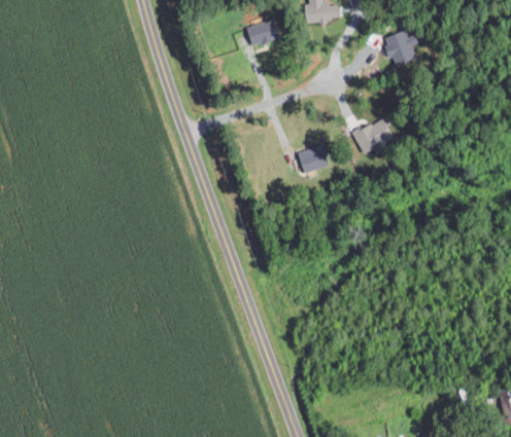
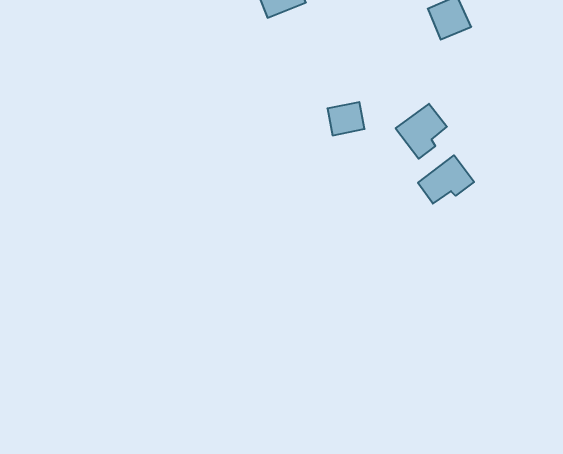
building: [299,146,329,173] -> [327,102,365,135]
building: none -> [418,155,474,204]

